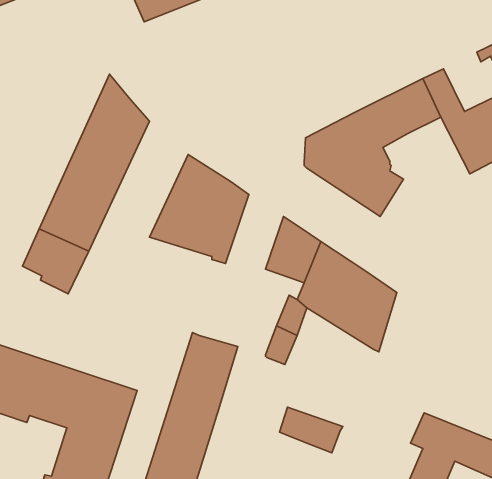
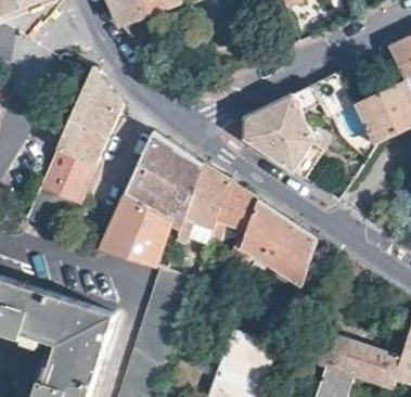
building: none -> [179,162,228,235]
building: none -> [97,195,171,268]

